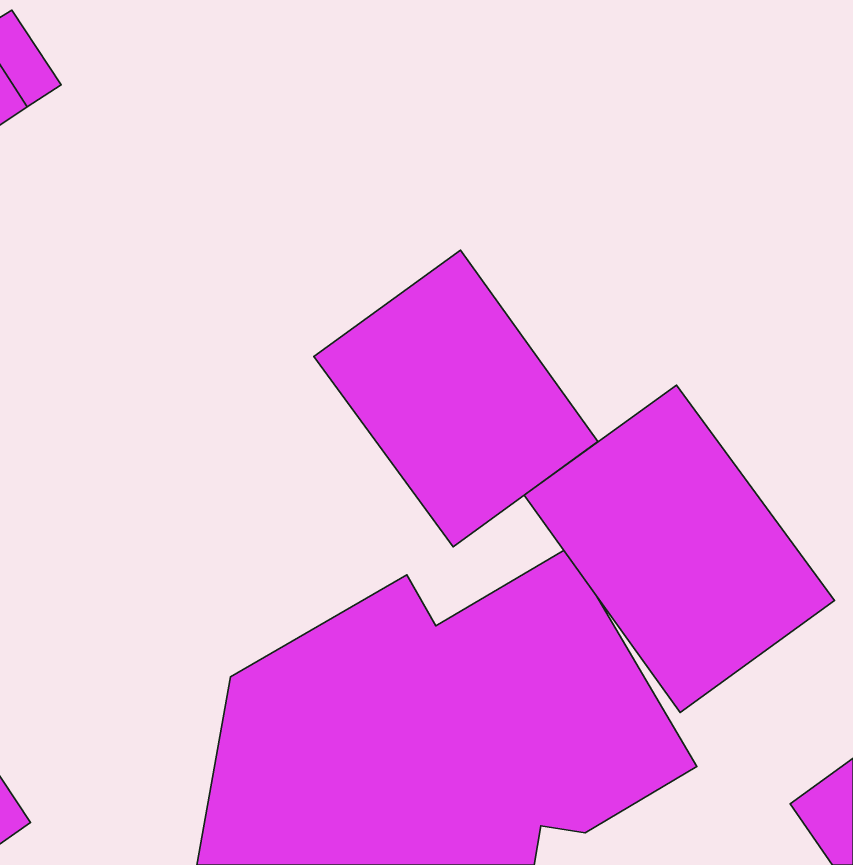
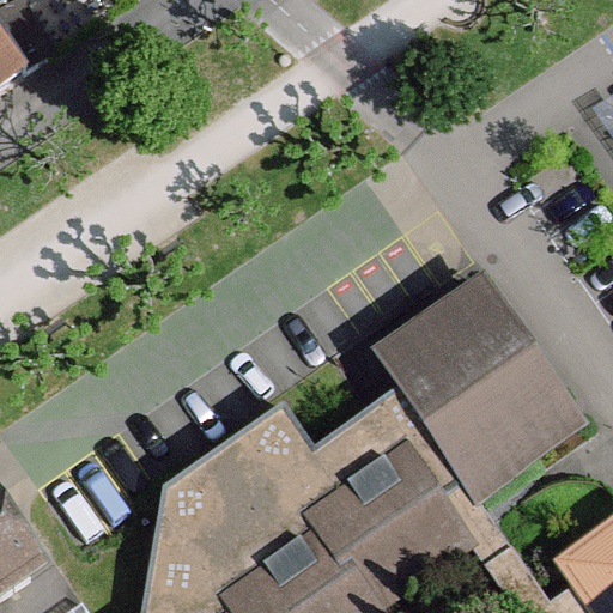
building: [314,250,598,547] -> none

